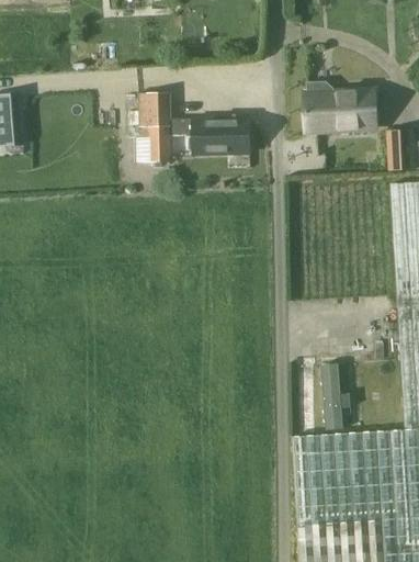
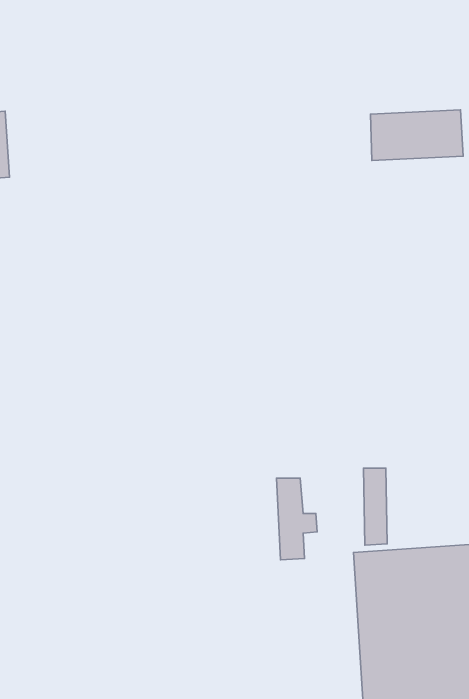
building: [140,93,251,164] -> none
building: [324,368,355,431] -> [276,478,317,560]

